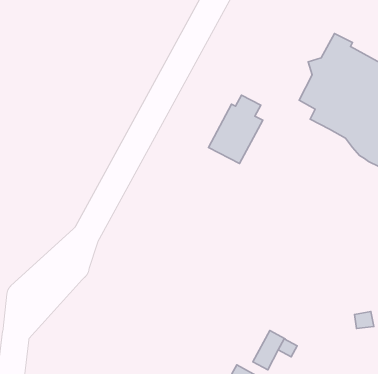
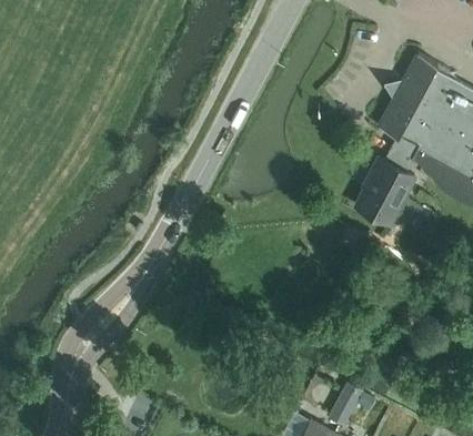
building: [208,95,263,164] -> [355,149,415,224]

